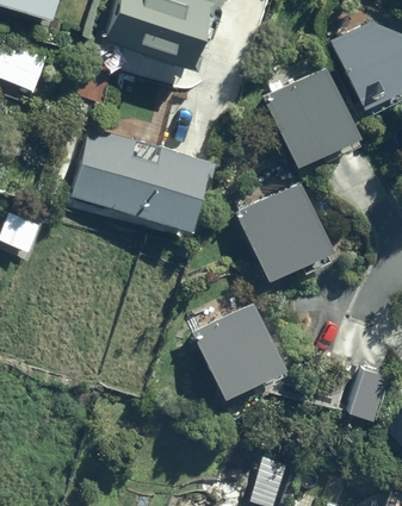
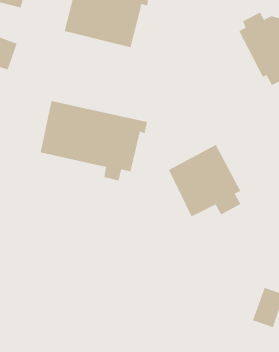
building: [264,68,360,162] -> none
building: [196,301,283,392] -> none

